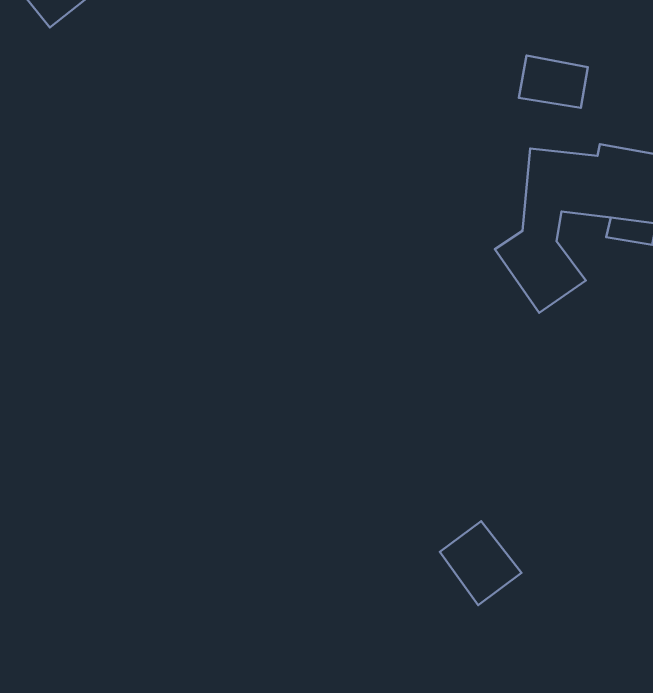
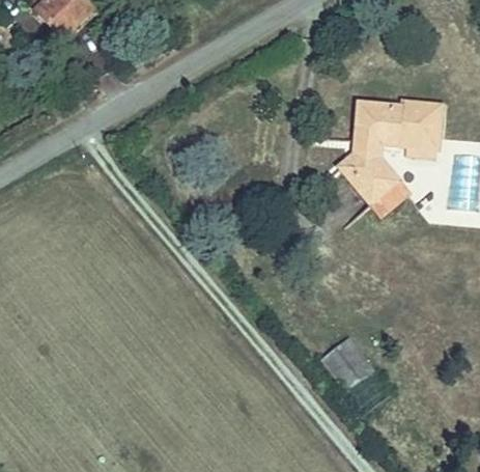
building: [519,55,588,108] -> none

